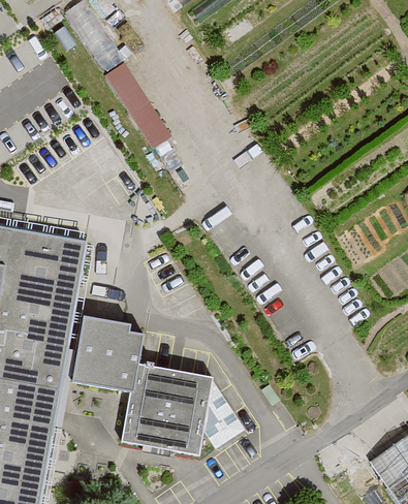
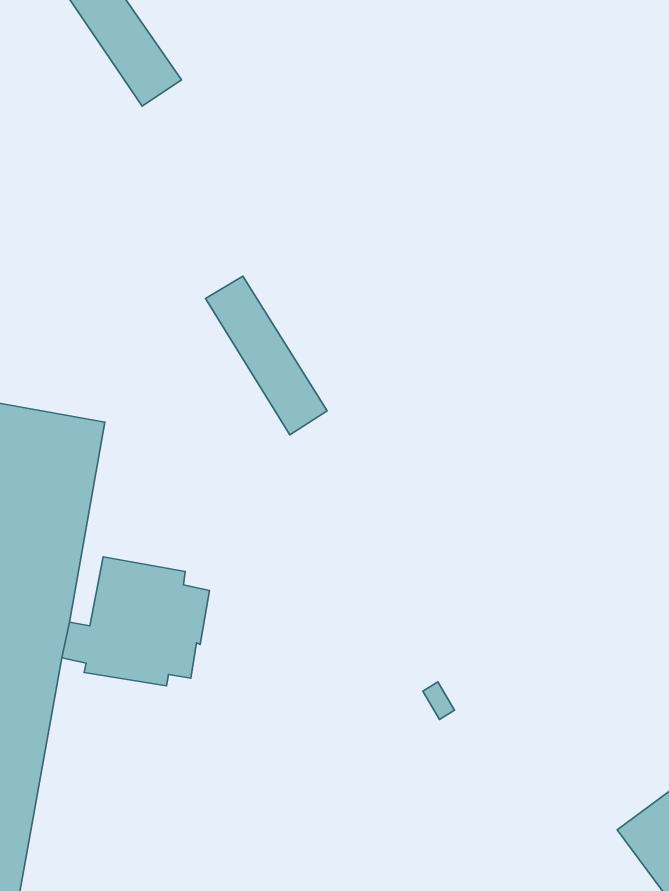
building: [105,59,172,147] -> [206,276,327,435]
building: [122,363,246,455] -> none

